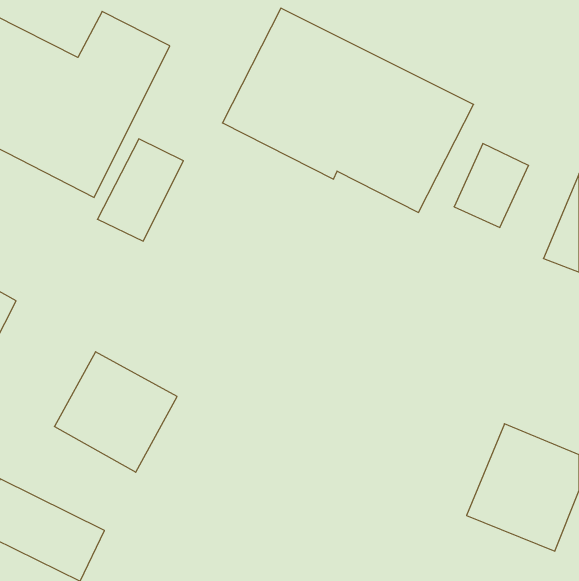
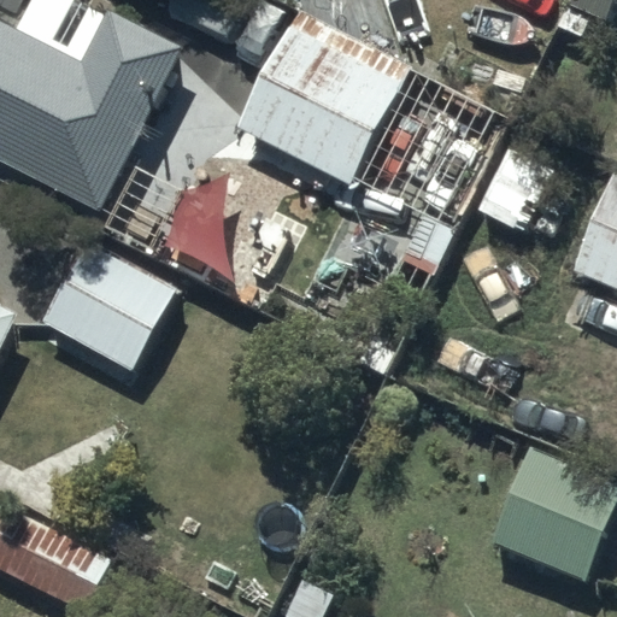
building: [54,352,177,472] -> [45,241,174,368]

